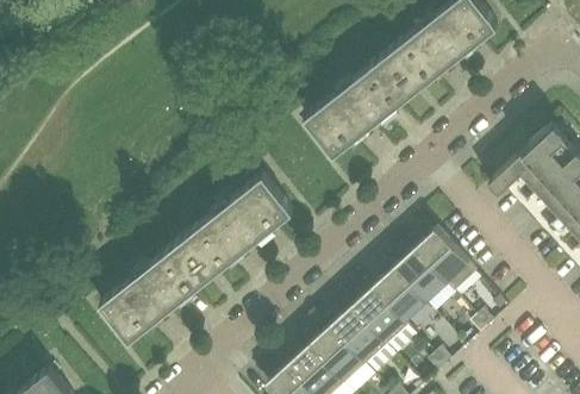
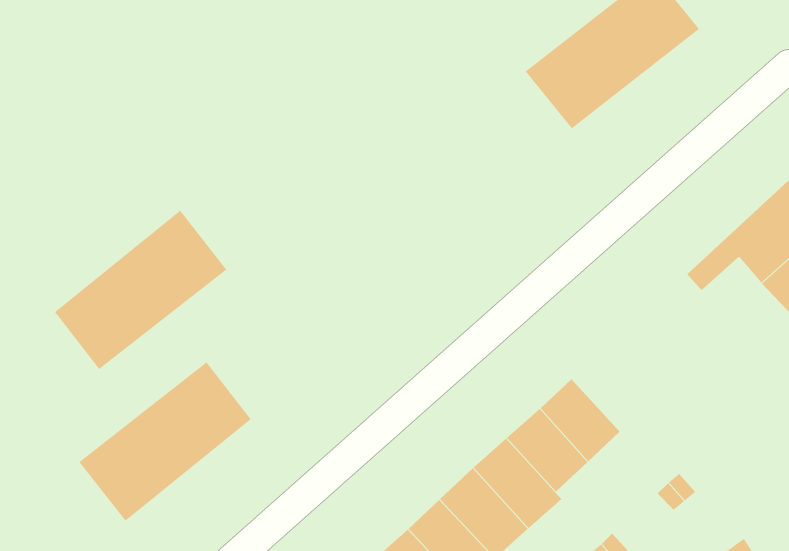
building: [304,55,414,156] -> none
building: [181,175,292,277] -> [54,210,227,370]
building: [414,231,476,294] -> none

